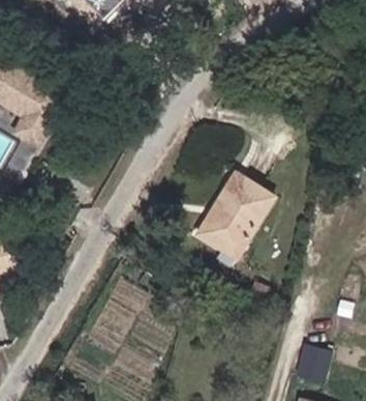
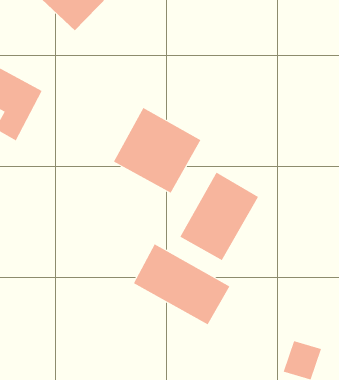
building: none -> [113,107,201,194]
building: none -> [133,244,230,325]

